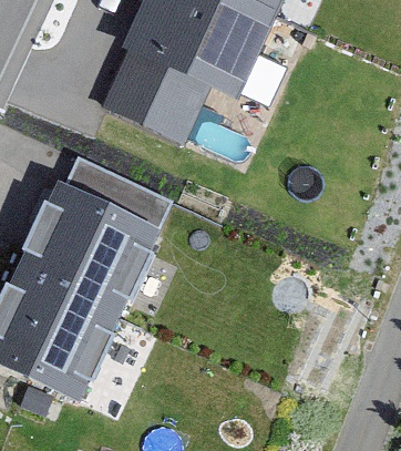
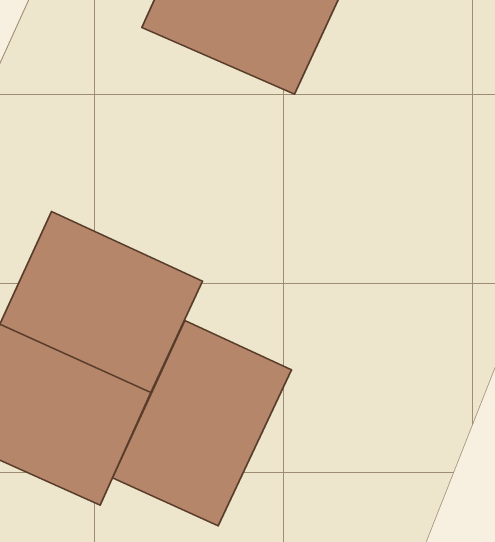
building: [103,51,210,140] -> none
building: none -> [112,321,292,526]

